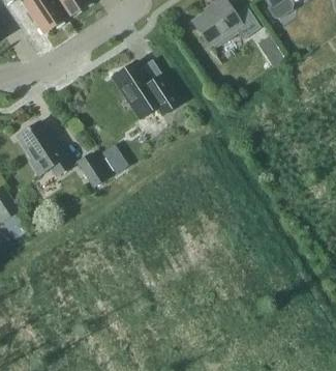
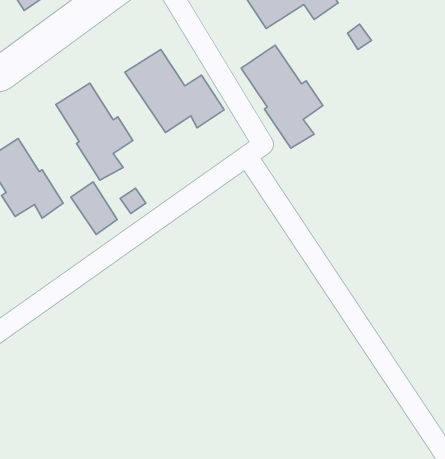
building: none -> [241,45,323,148]
building: none -> [56,83,133,180]

